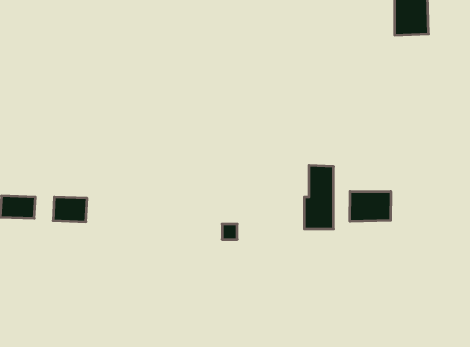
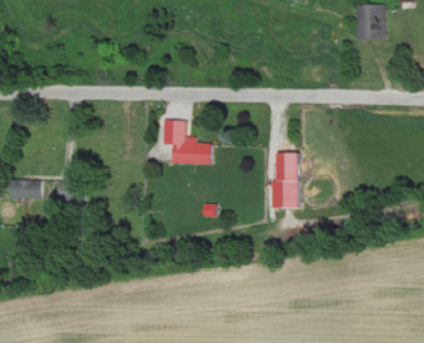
building: none -> [162,120,211,164]
building: [350,191,391,221] -> none

